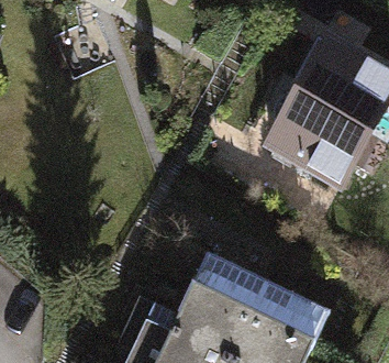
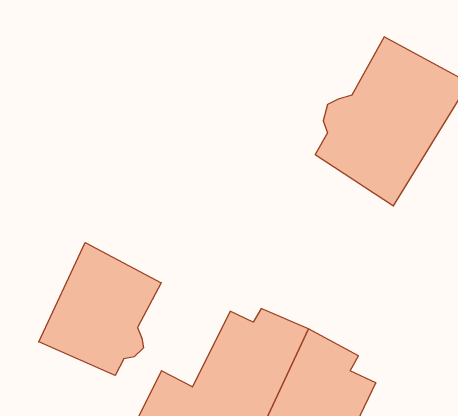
building: none -> [39,243,161,375]

